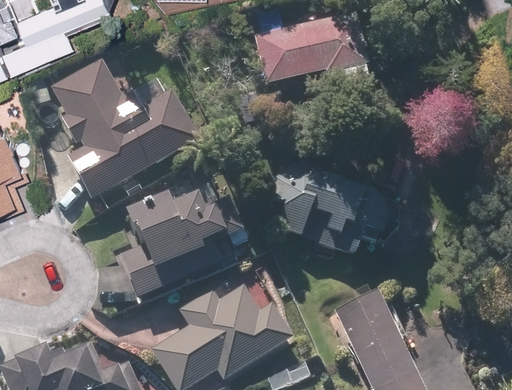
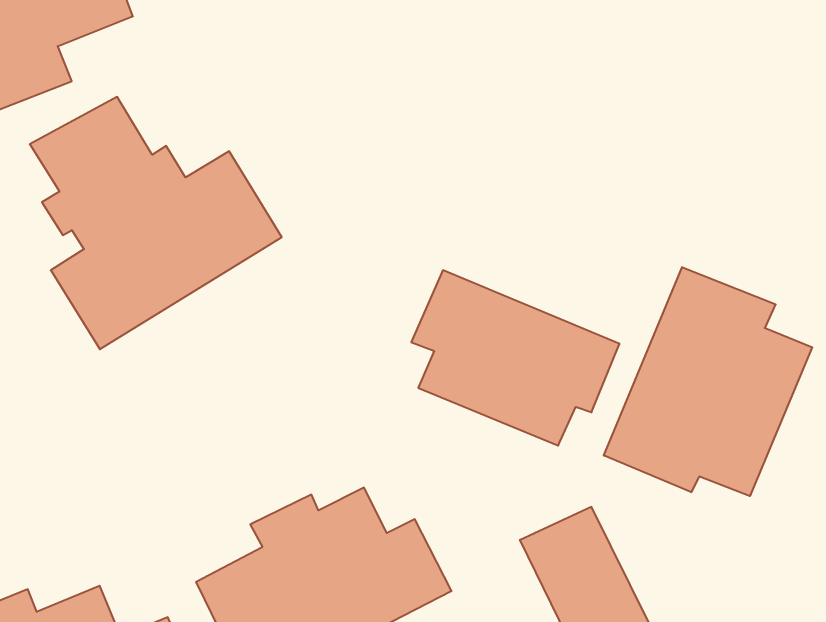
building: [254,13,373,91] -> none
building: none -> [604,267,812,496]
building: [120,196,243,296] -> none

